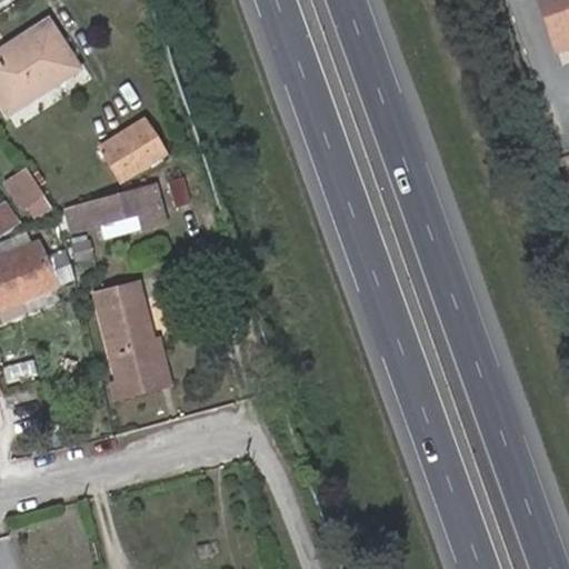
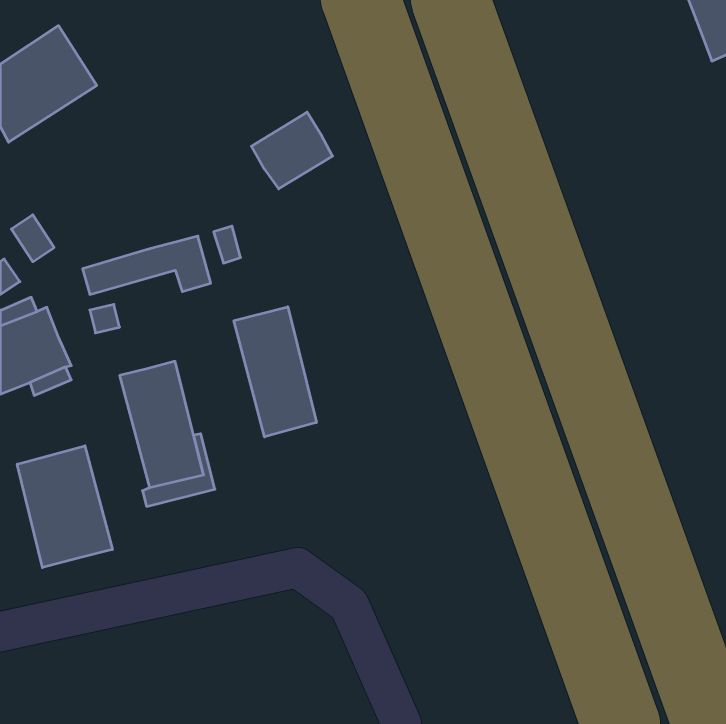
building: [100,119,163,179] -> [251,112,333,189]
building: none -> [234,307,316,437]
building: none -> [17,446,112,568]

